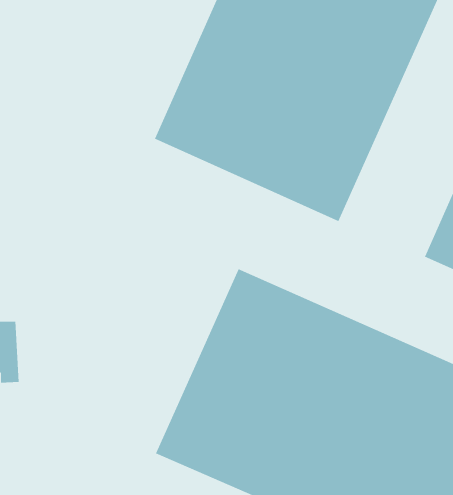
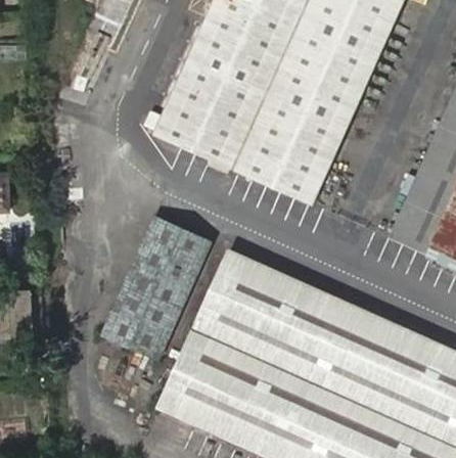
building: none -> [100,215,221,365]

